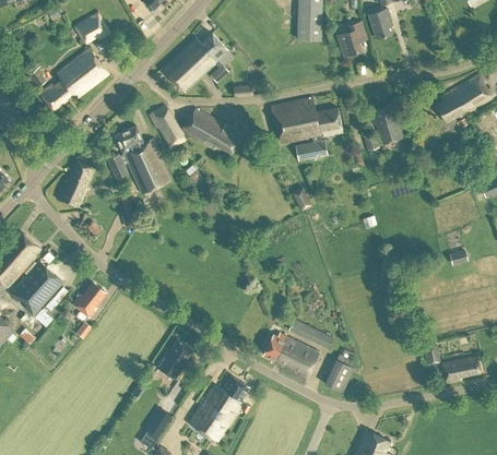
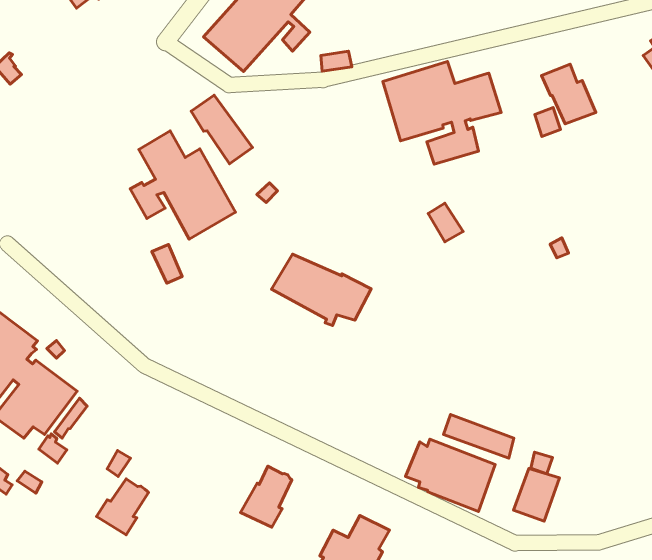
building: [40,47,108,109] -> none
building: [180,108,242,155] -> [271,254,371,326]
building: [56,159,94,207] -> none
building: [72,282,106,316] -> [97,479,149,535]

